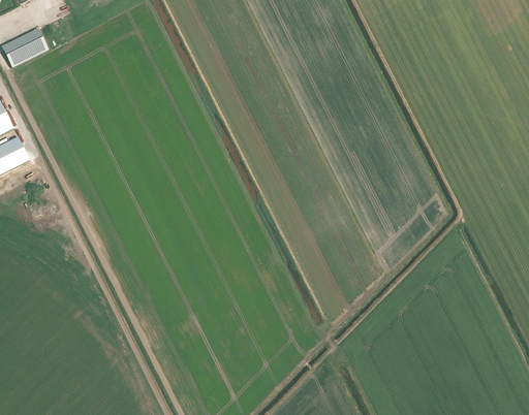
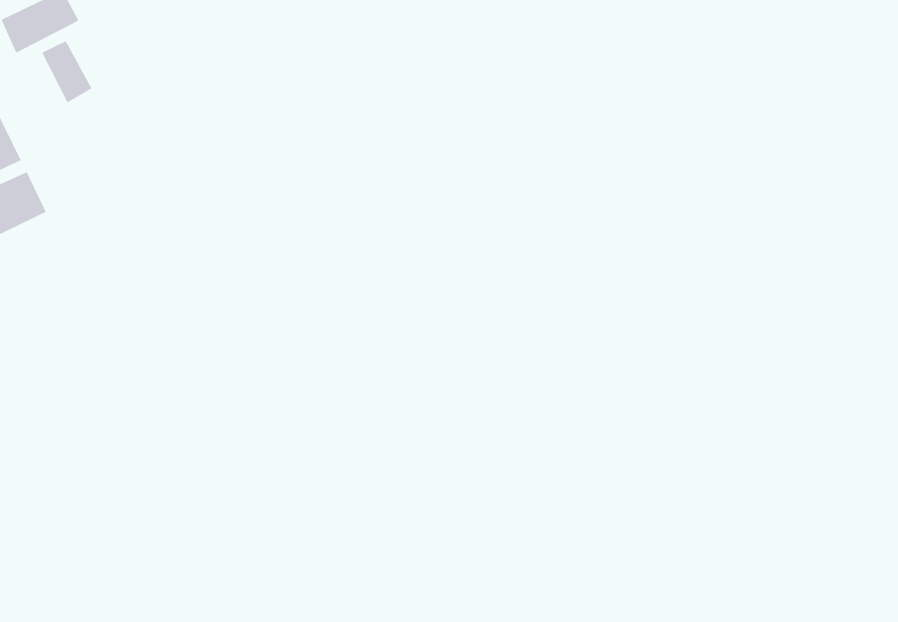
building: none -> [41,40,92,103]

